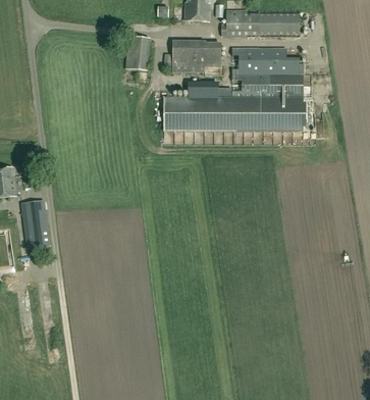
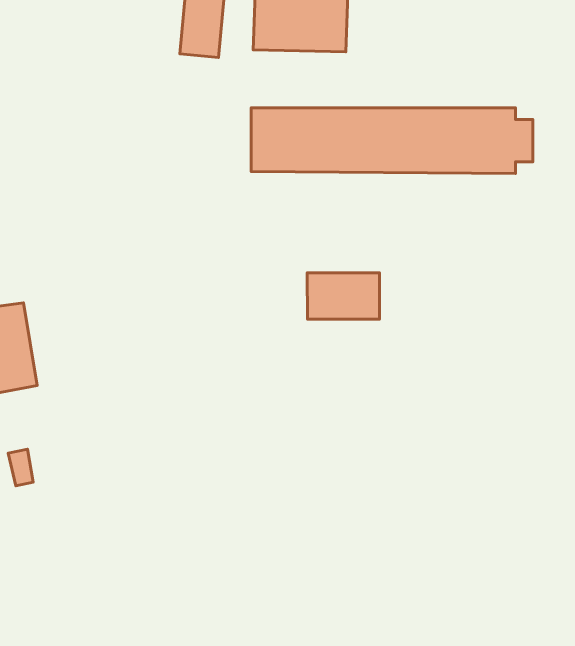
building: [188,48,304,97] -> none
building: none -> [307,273,380,319]

